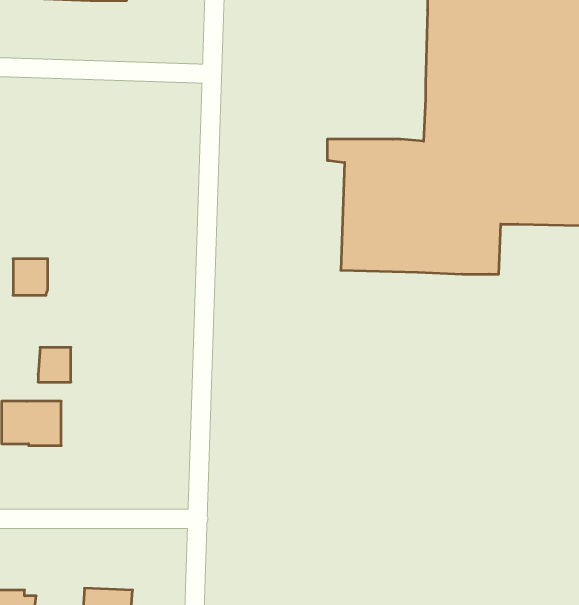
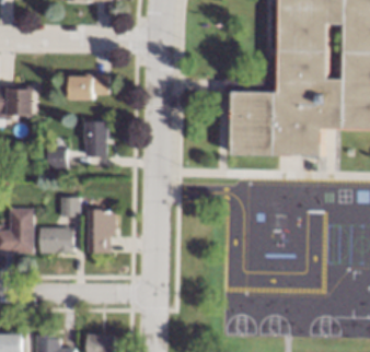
building: none -> [69,74,108,101]
building: none -> [83,122,107,157]
building: none -> [85,209,115,254]

